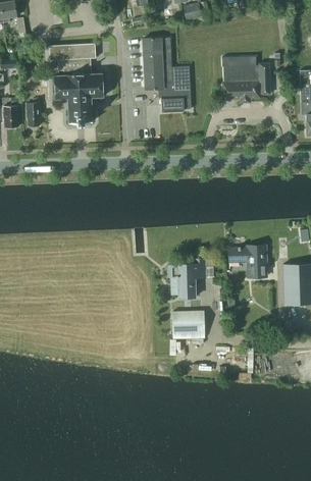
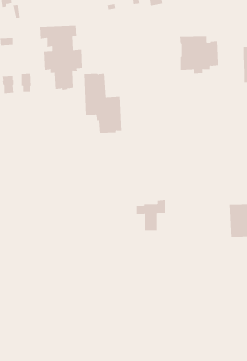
building: [143,37,191,111] -> [83,73,122,134]
building: [228,245,266,276] -> none
building: [172,311,205,338] -> none

